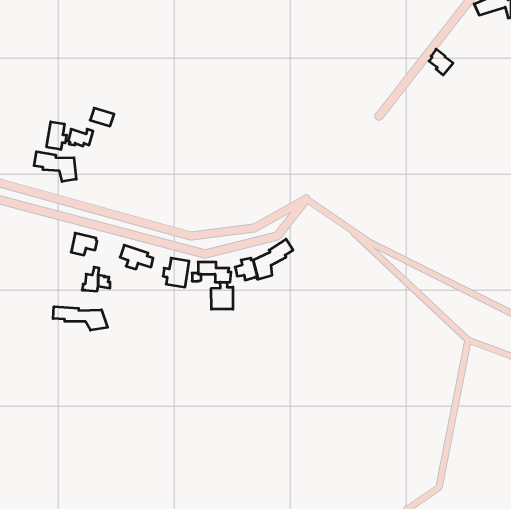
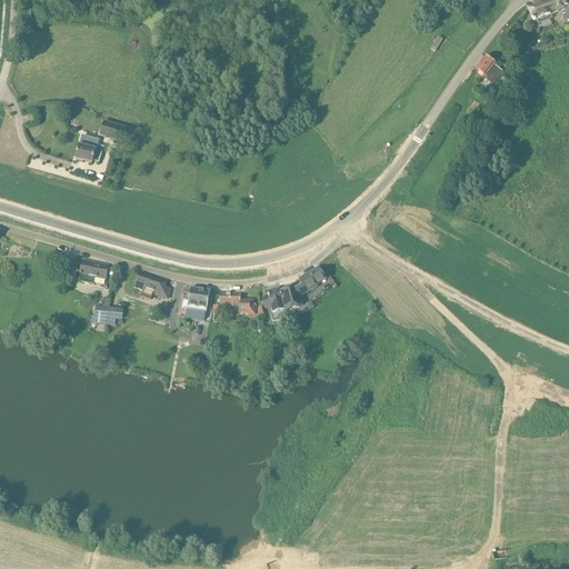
building: [47,122,67,150] -> none
building: [34,152,76,182] -> none
building: [211,282,233,309] -> none
building: [53,307,108,330] -> none

